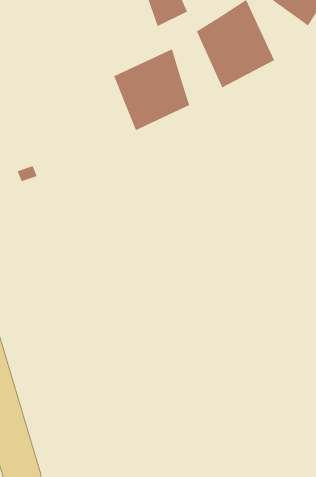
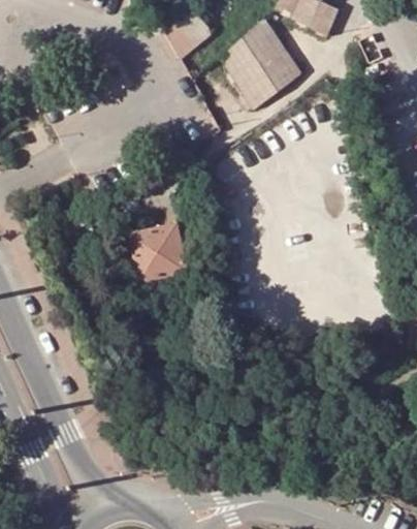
building: [113,48,190,131] -> none
building: none -> [130,223,187,279]

